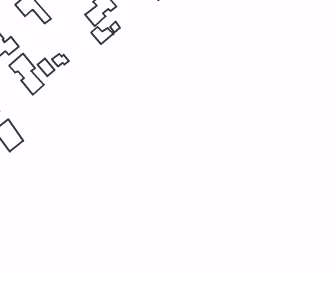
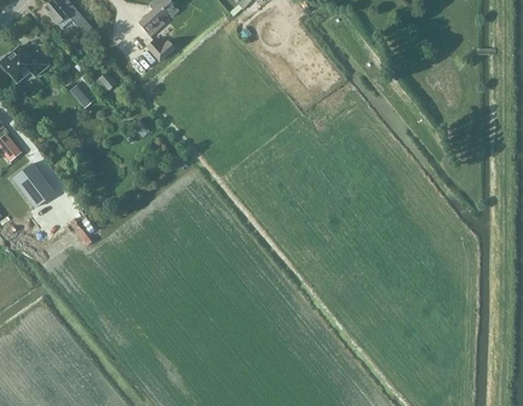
building: [9,54,44,95] -> none

